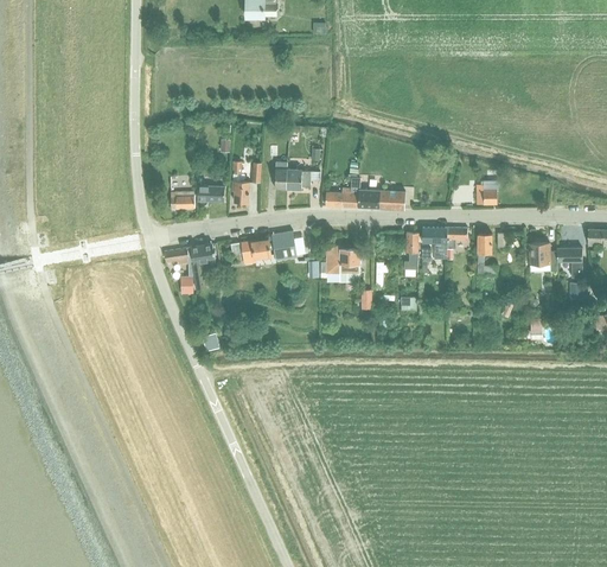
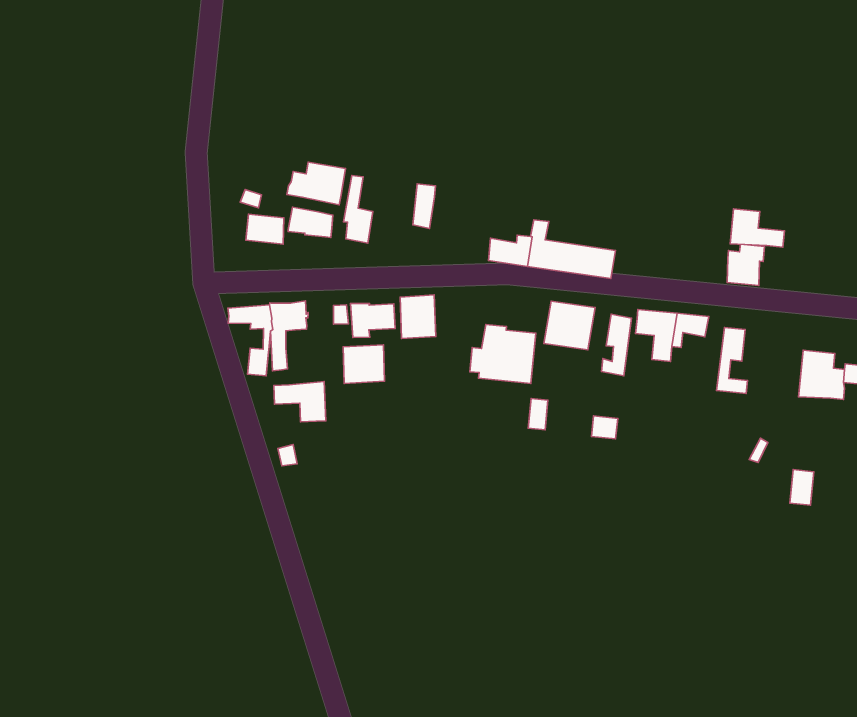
building: none -> [287,162,346,205]
building: none -> [730,209,784,247]
building: [286,168,318,189] -> none
building: none -> [544,301,595,350]
building: none -> [343,345,385,383]
building: none -> [274,381,326,422]

